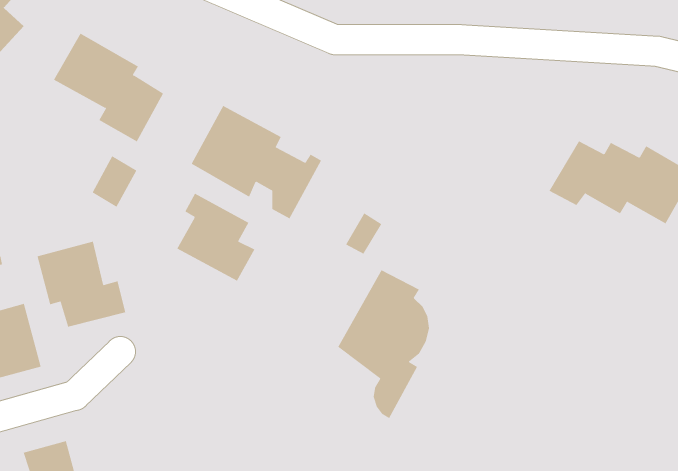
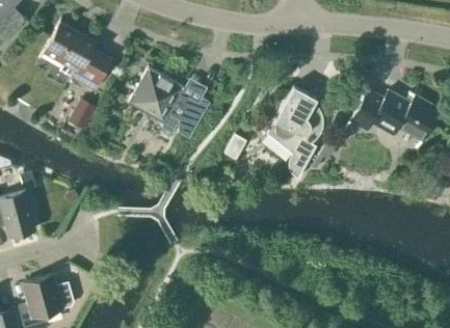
building: [176,193,255,282] -> none
building: [37,241,126,328] -> none
building: [337,270,430,419] -> [266,86,323,179]

